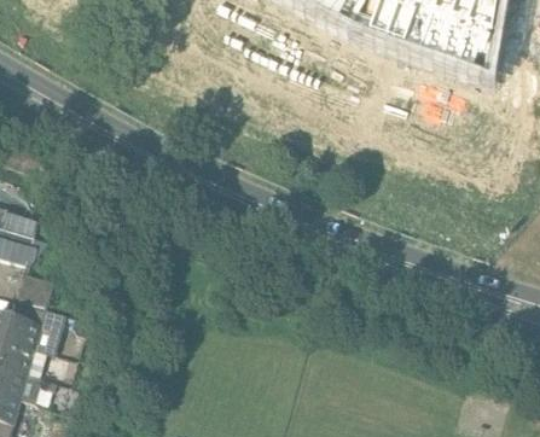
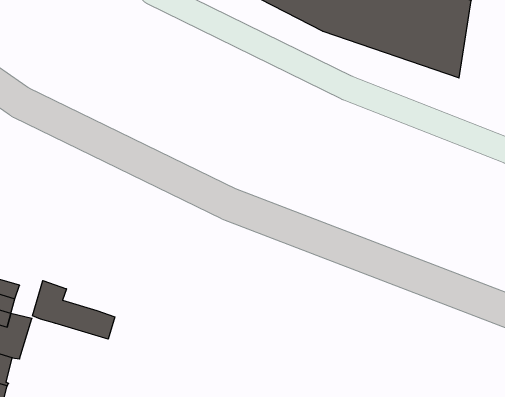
building: none -> [33,281,115,339]

